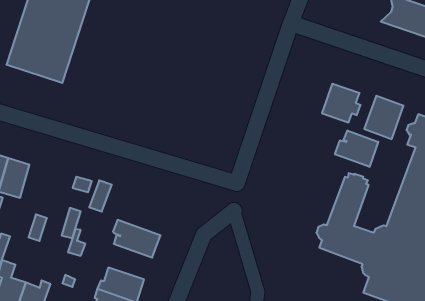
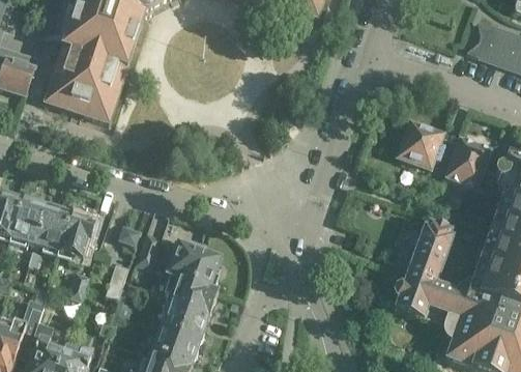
building: [335,130,378,167] -> none
building: none -> [58,213,93,264]
building: none -> [165,244,219,293]
building: none -> [157,303,207,343]

